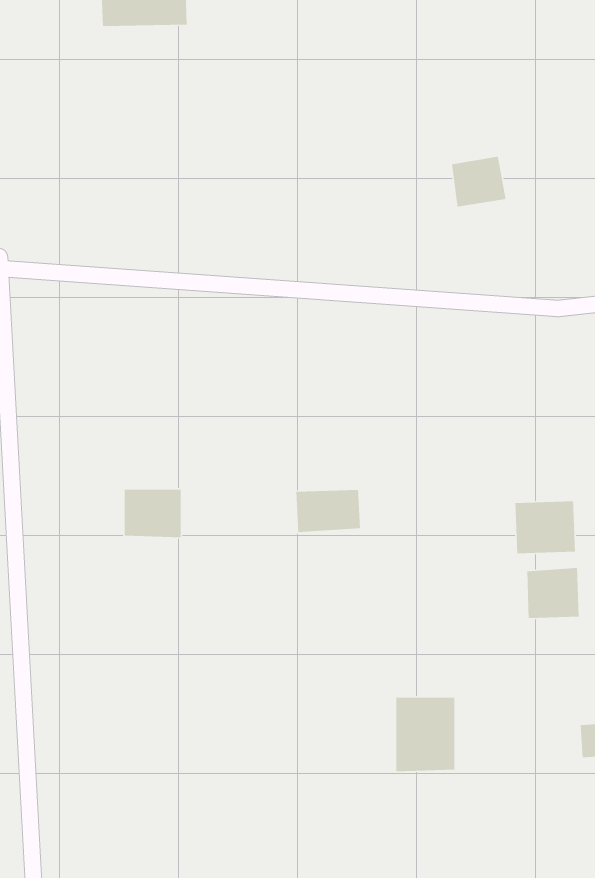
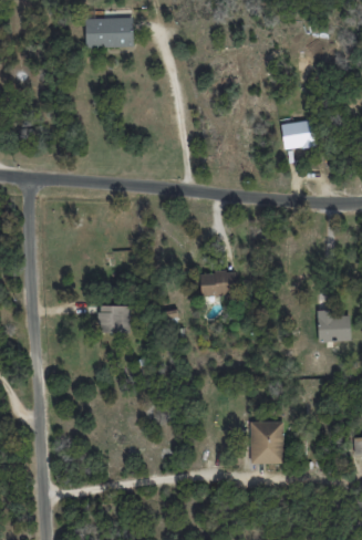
building: [295,489,361,533] -> [200,271,237,295]
building: [526,567,580,619] -> none

